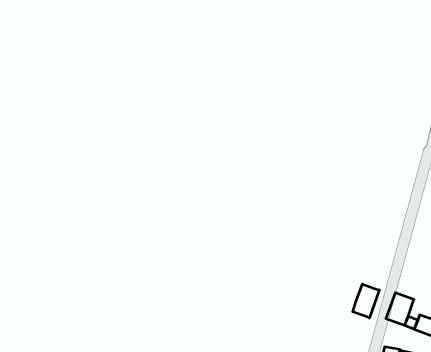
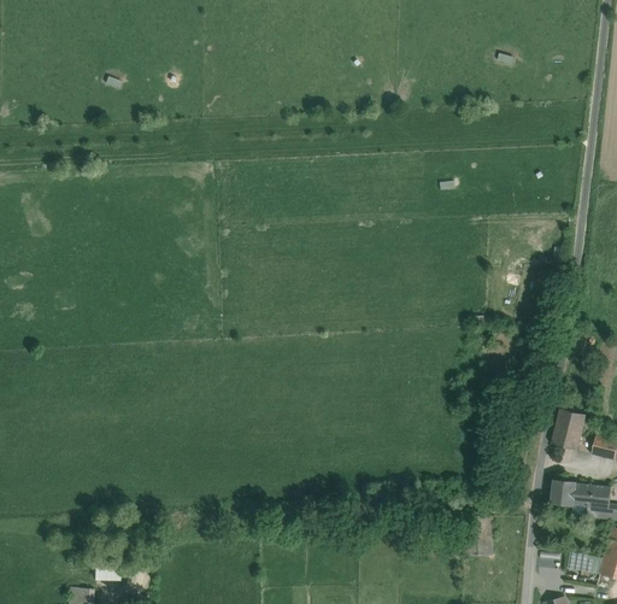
building: [353,284,379,318] -> none

